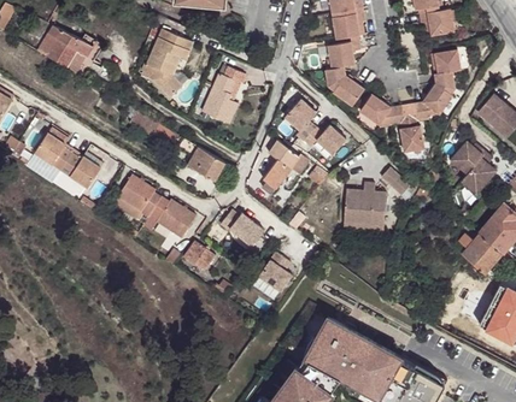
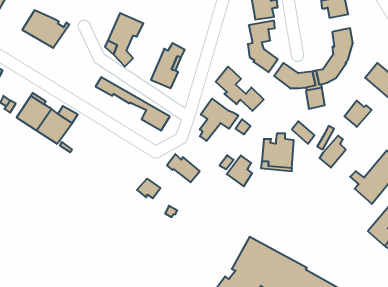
building: [461,153,494,194] -> [319,136,346,168]
building: [115,172,197,240] -> none
building: [260,252,293,291] -> [227,155,252,186]

